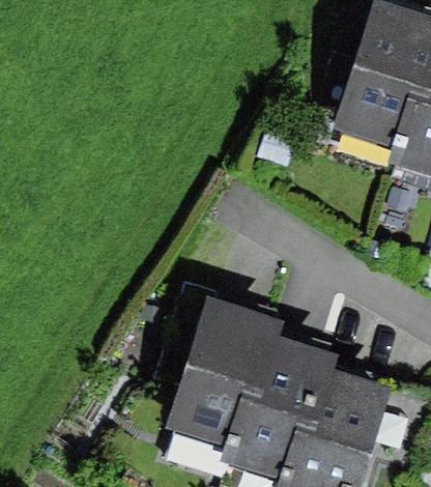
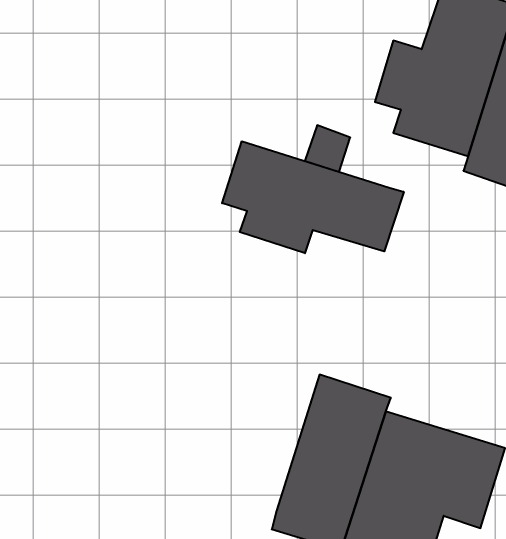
building: none -> [222,141,404,253]
building: [157,282,277,451] -> none

